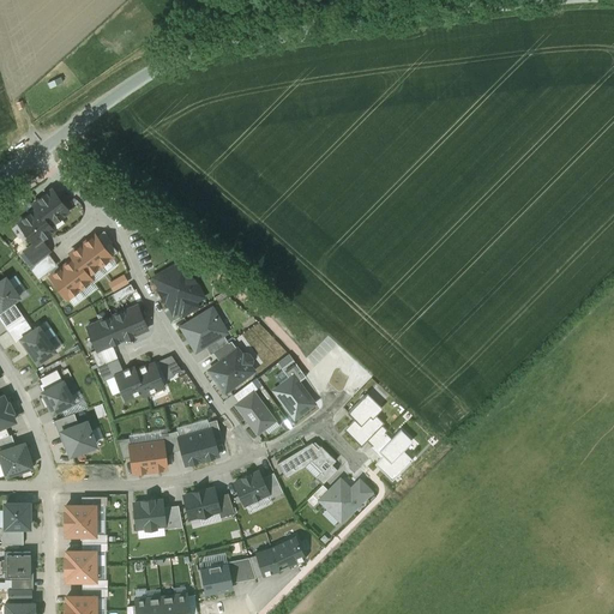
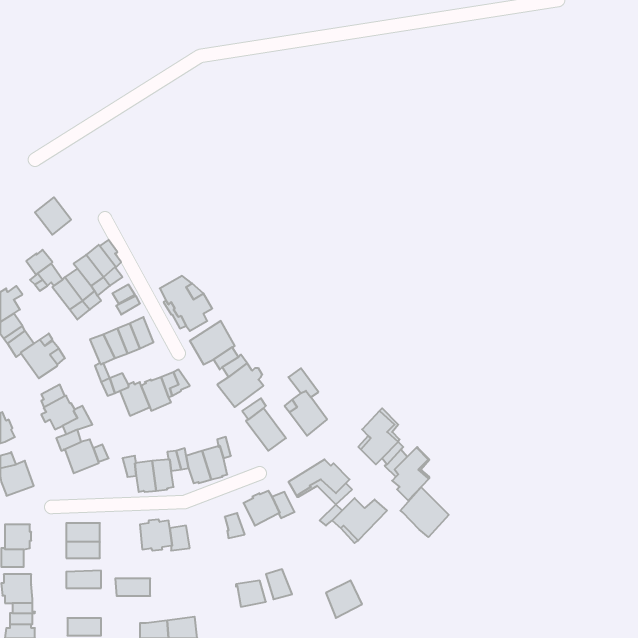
building: [18,209,54,245] -> none
building: none -> [400,487,449,537]
building: [183,488,219,518] -> none
building: [271,535,306,571] -> [326,580,362,618]
building: [200,562,233,595] -> none
building: [64,565,97,582] -> [115,578,150,596]

